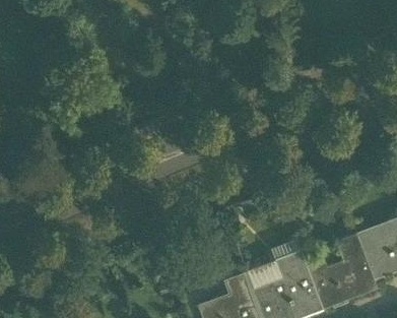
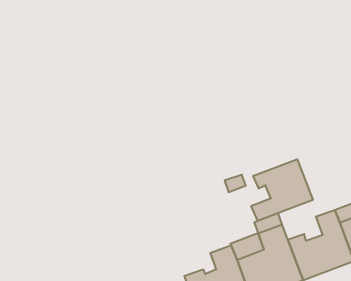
building: none -> [251,159,313,221]

